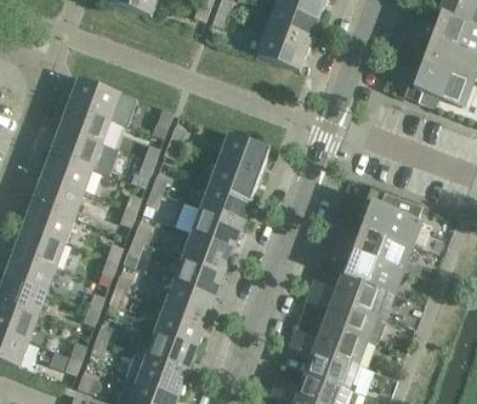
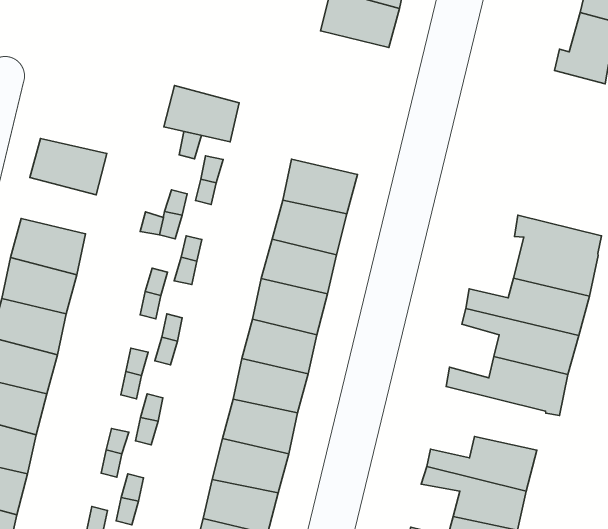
building: [69,76,119,116] -> [164,86,239,142]
building: [51,126,101,166] -> none
building: [307,290,373,337] -> none

